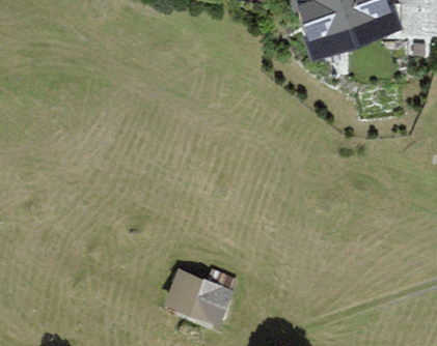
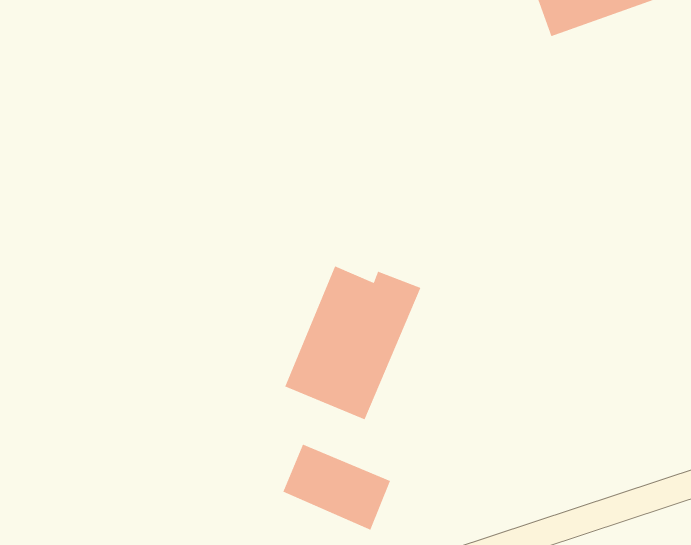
building: none -> [284,265,421,420]

